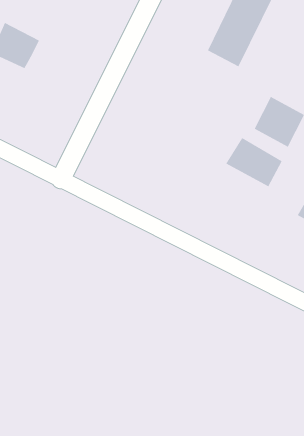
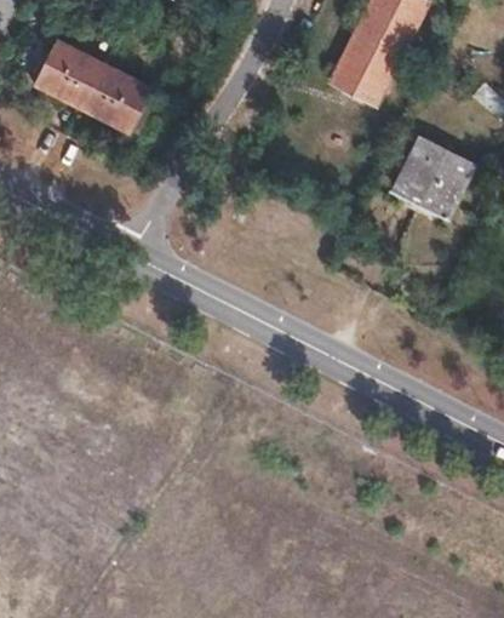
building: none -> [82,67,149,131]
building: [225,137,282,187] -> none

